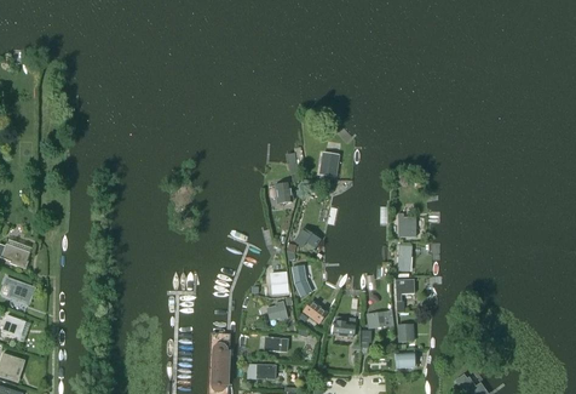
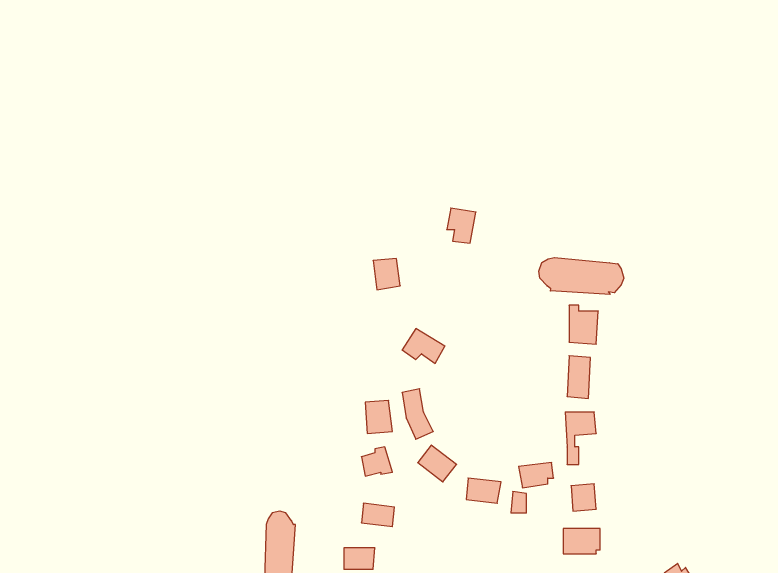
building: none -> [539,258,624,294]

